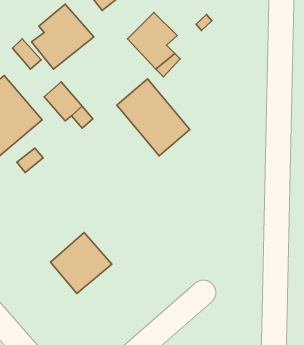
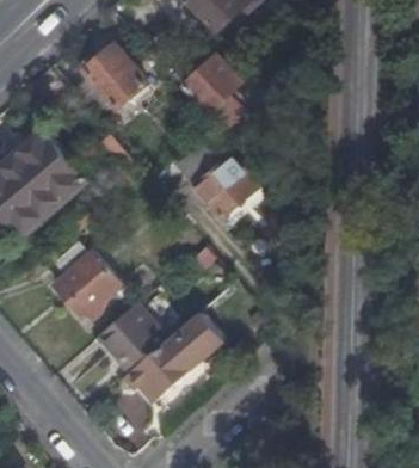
building: none -> [53,244,127,321]
building: none -> [127,309,226,402]

